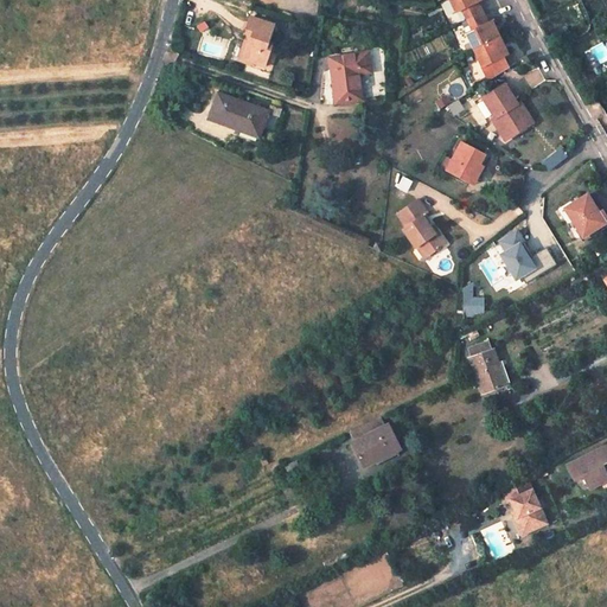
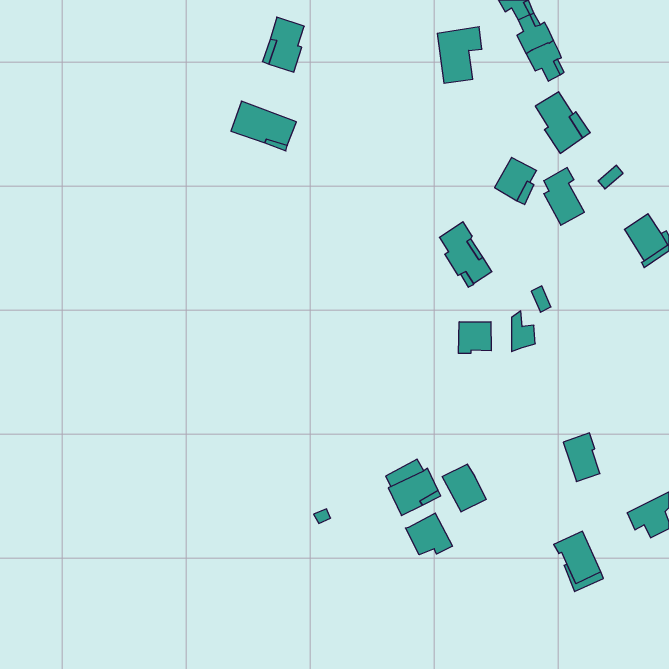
building: [330,52,370,103] -> [437,27,482,83]
building: [493,229,530,281] -> [544,168,584,225]
building: none -> [458,322,491,353]
building: [468,350,501,394] -> [563,433,600,482]
building: none -> [442,464,486,512]
building: none -> [405,513,452,555]

